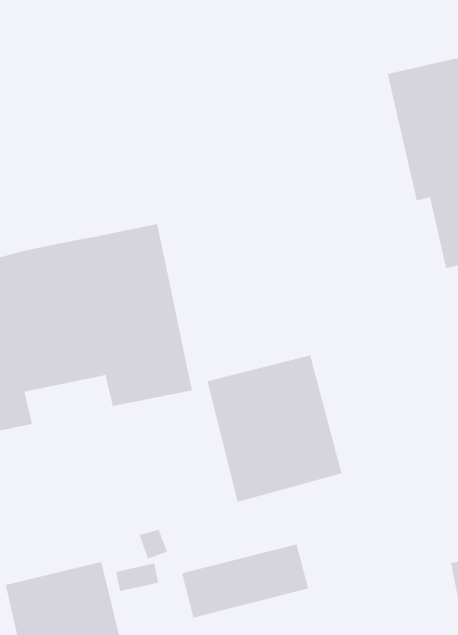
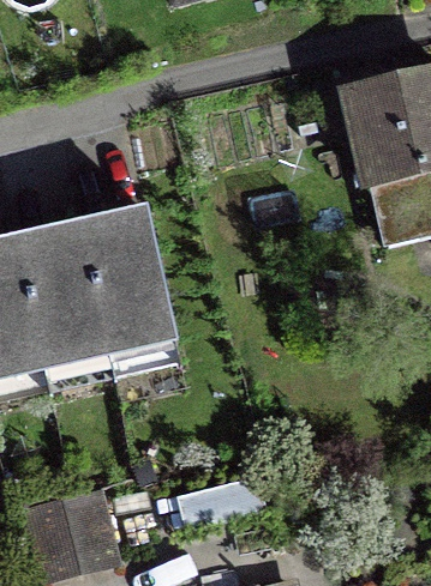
building: [206,354,342,503] -> none

